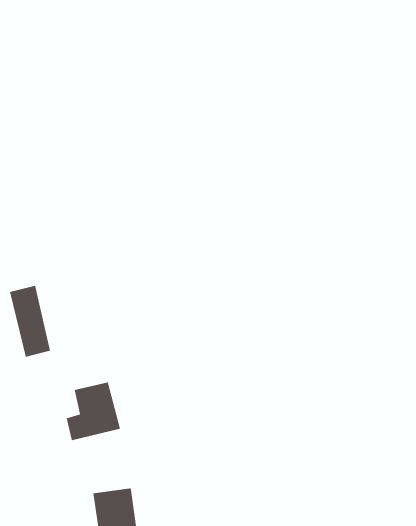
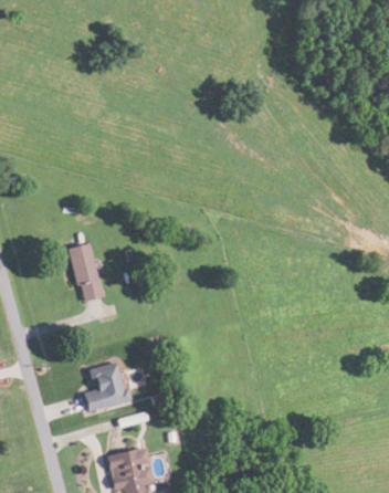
building: [9,285,51,358] -> [70,241,104,301]

